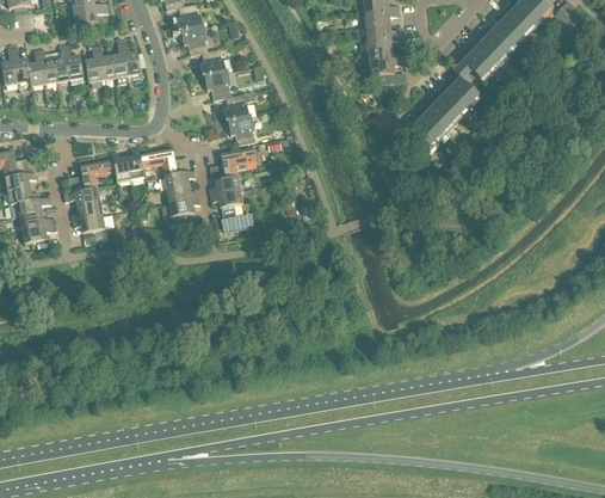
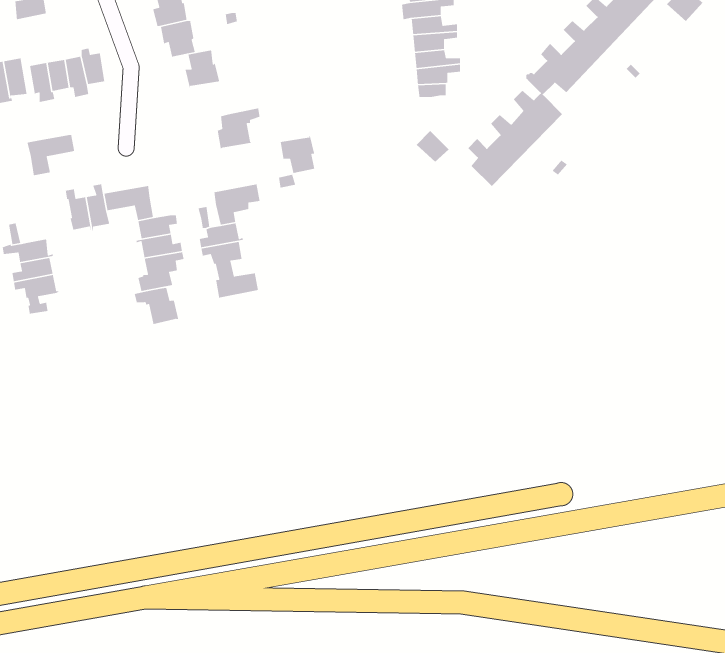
building: [204,70,230,99] -> none
building: [228,116,254,145] -> [280,135,315,174]
building: [80,159,116,190] -> [27,134,75,176]
building: none -> [134,287,179,325]

